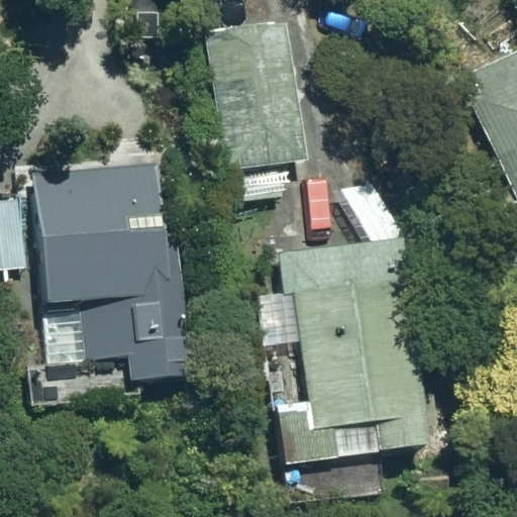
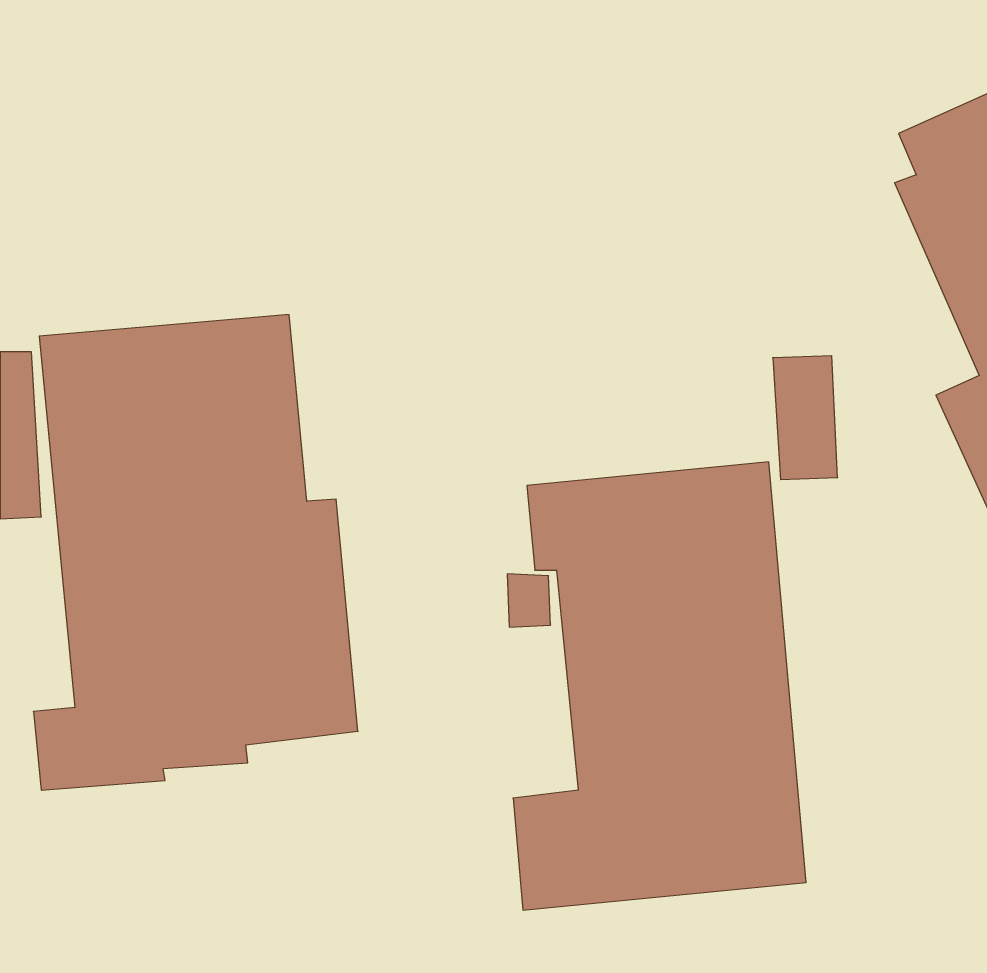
building: [208,16,311,198] -> none

